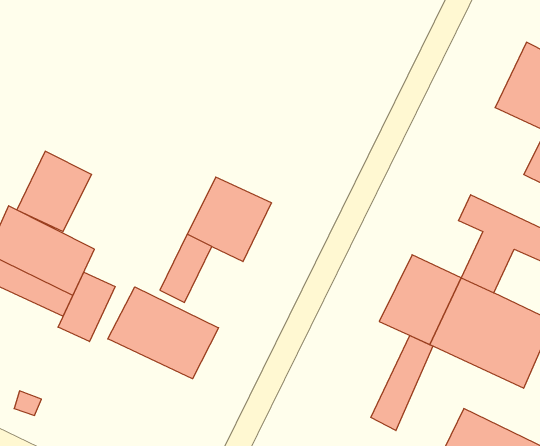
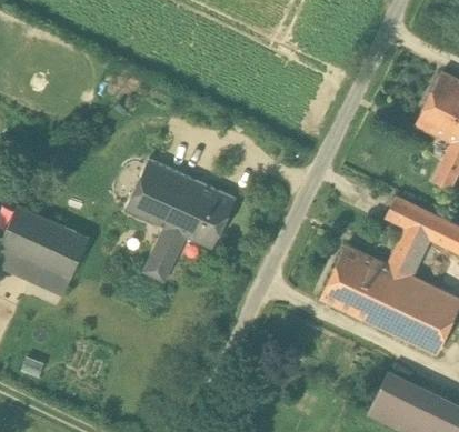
building: [17,151,92,232] -> [126,163,187,229]
building: [58,272,115,342] -> none
building: [108,287,219,379] -> none
building: [371,335,433,431] -> none

